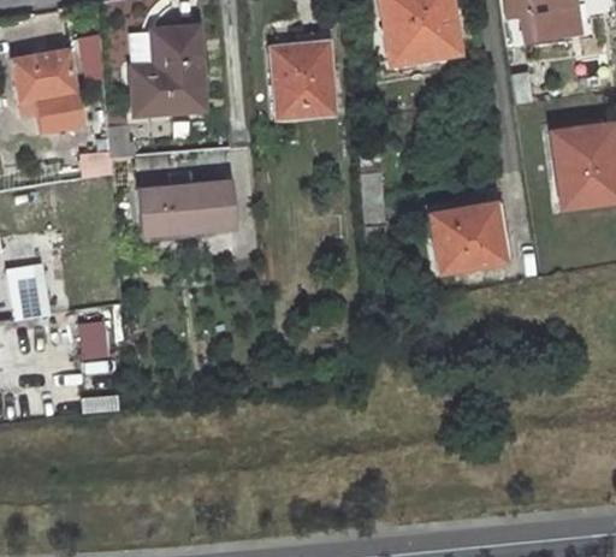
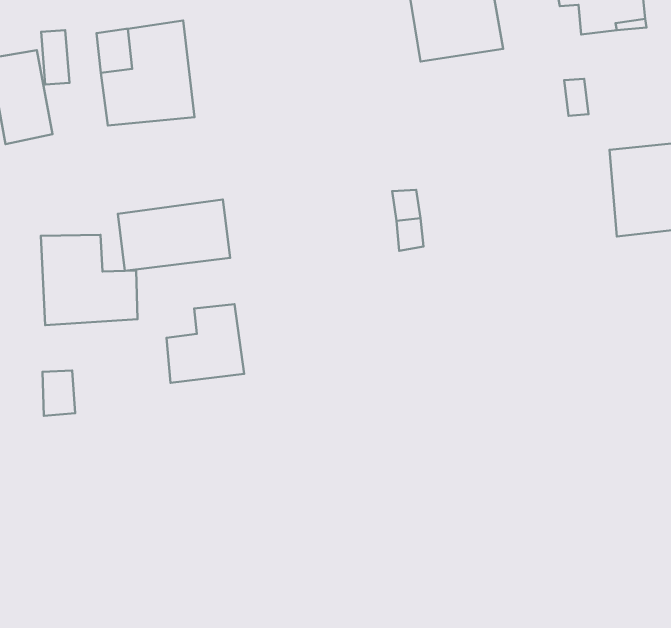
building: [274,37,343,114] -> none
building: [444,203,516,269] -> none
building: none -> [41,235,138,325]
building: none -> [166,304,244,383]

